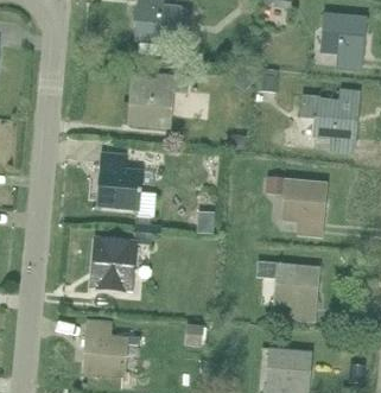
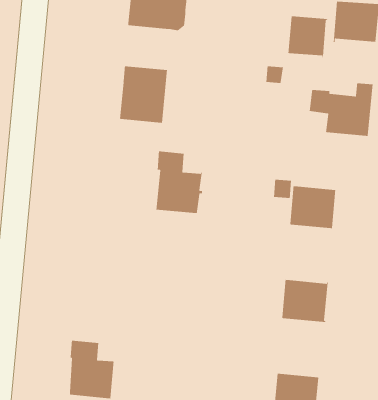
building: none -> [287,13,328,60]
building: [99,152,141,209] -> [155,151,203,214]
building: [91,239,134,293] -> none

